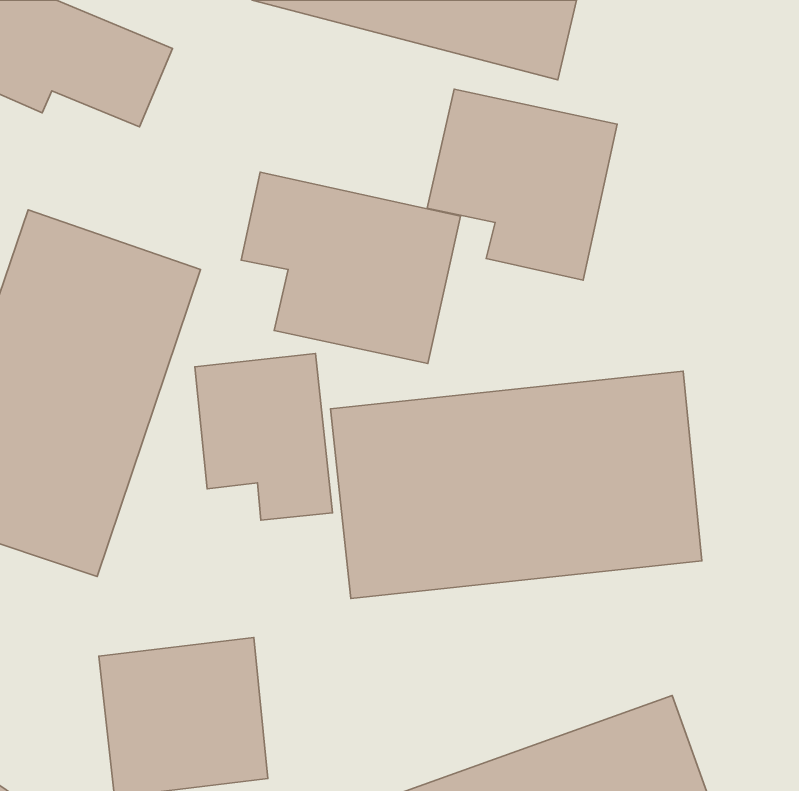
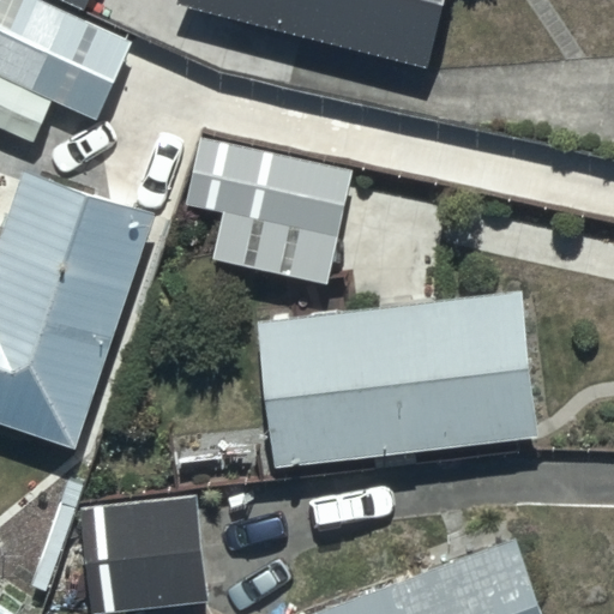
building: [427,89,617,280] -> none
building: [195,353,332,520] -> none

